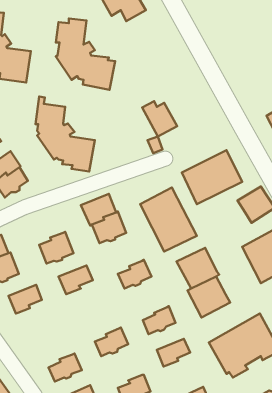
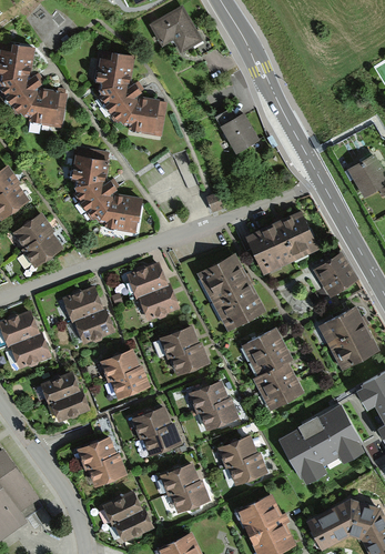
building: [142,101,177,136] -> [216,114,259,157]
building: none -> [62,286,104,324]
building: none -> [159,324,199,359]
building: none -> [111,364,150,399]
building: none -> [189,380,229,414]
building: none -> [50,387,89,421]
building: none -> [131,405,171,440]
building: none -> [75,436,115,471]
building: none -> [227,452,266,485]
building: none -> [159,462,199,495]

